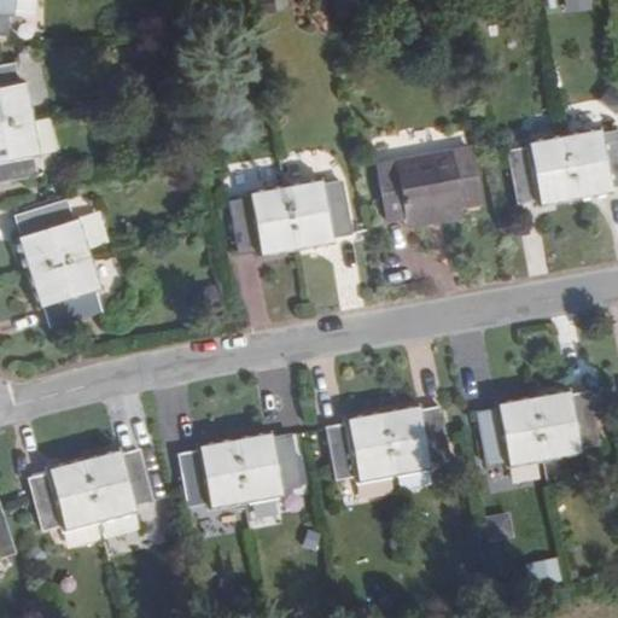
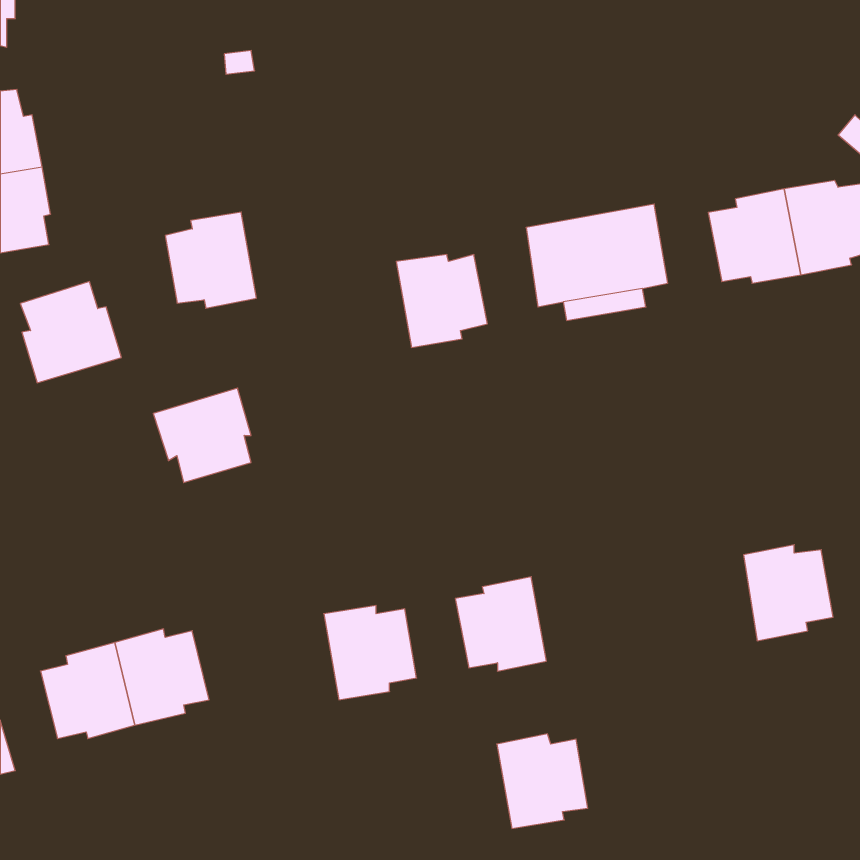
building: [231,187,296,256] -> [165,212,256,308]
building: [28,256,98,323] -> [153,388,251,483]
building: [479,397,543,465] -> none
building: [381,406,447,473] -> [497,734,588,828]
building: [181,439,244,507] -> none

